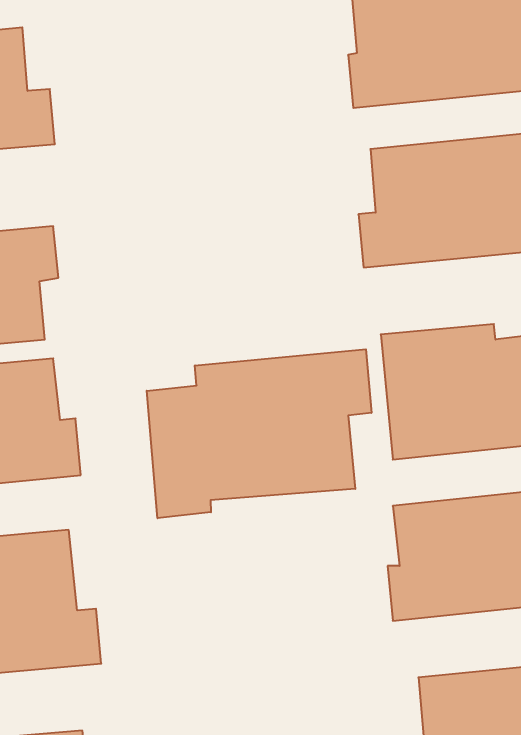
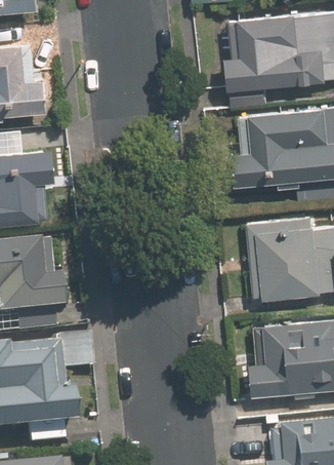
building: [147,349,371,518] -> none

